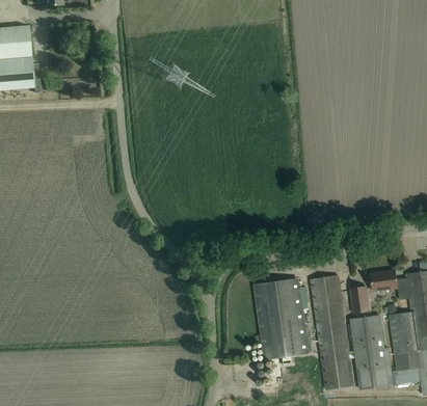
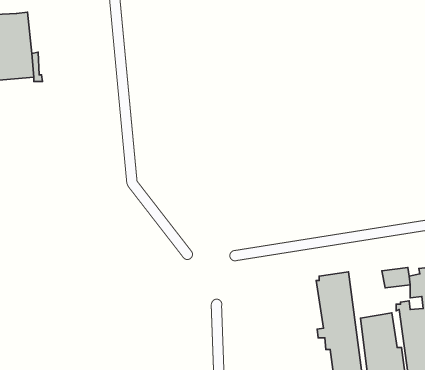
building: [253,280,309,358] -> none
building: [350,286,369,313] -> none

